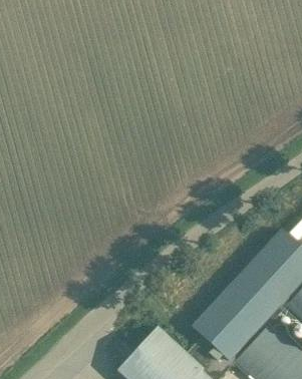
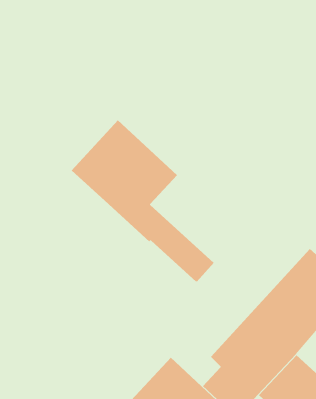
building: none -> [71,119,215,282]

